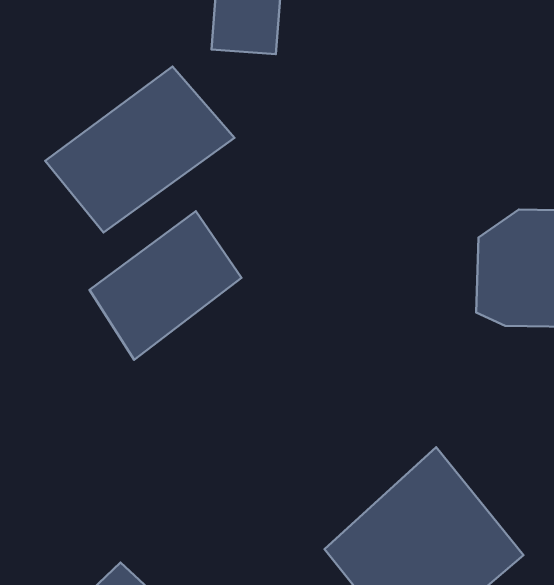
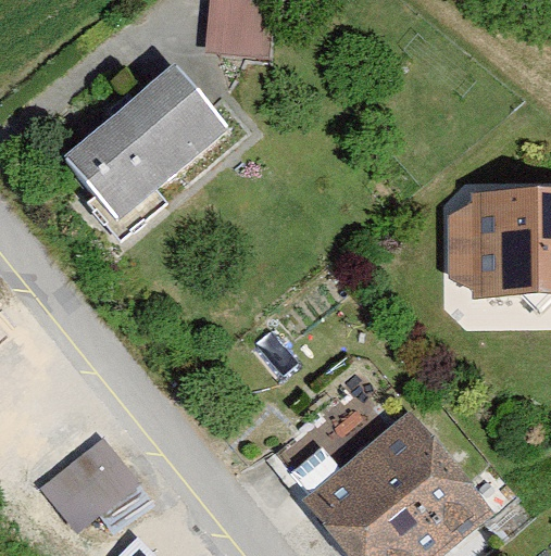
building: [90,211,241,360] -> none
building: none -> [36,424,145,527]

